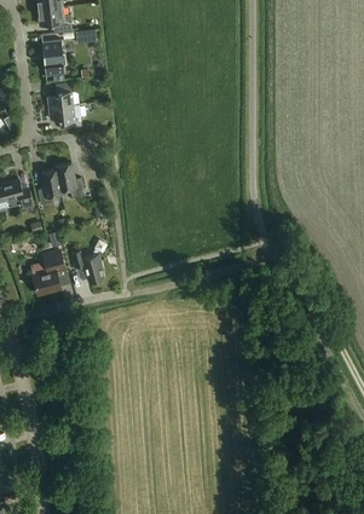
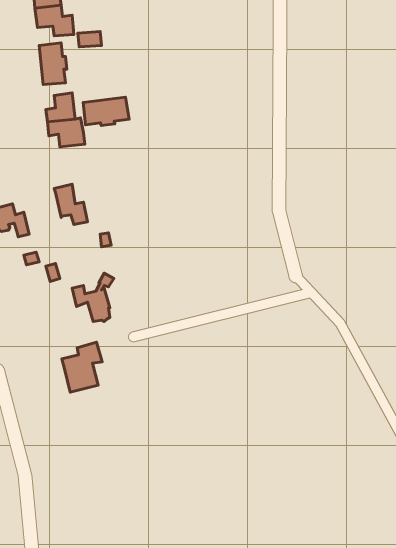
building: none -> [83,97,129,125]
building: [36,169,60,204] -> none
building: [29,250,64,294] -> [62,342,102,392]

